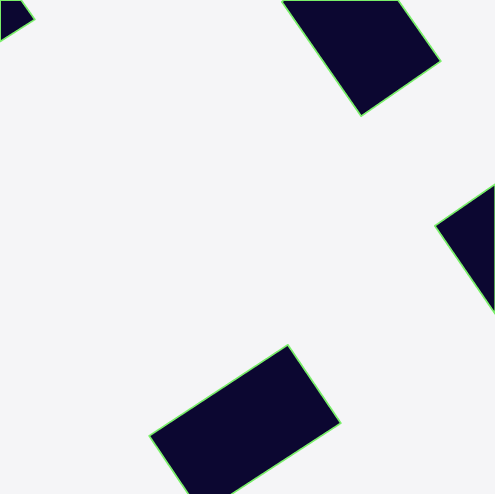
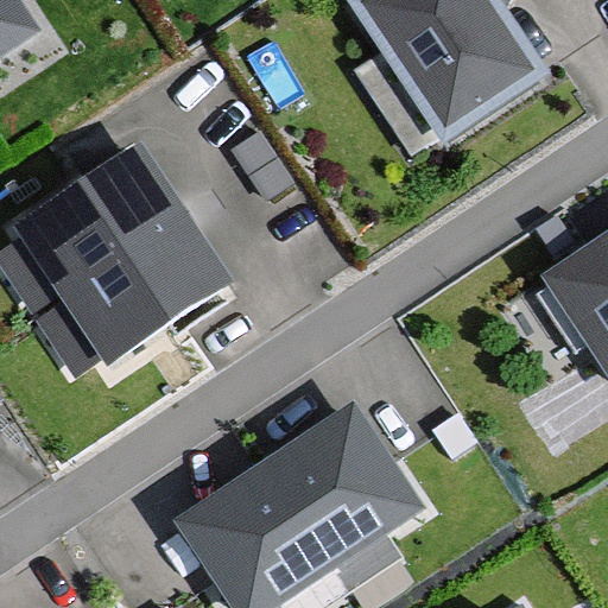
building: none -> [17,137,234,359]

